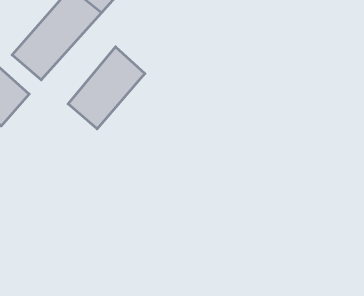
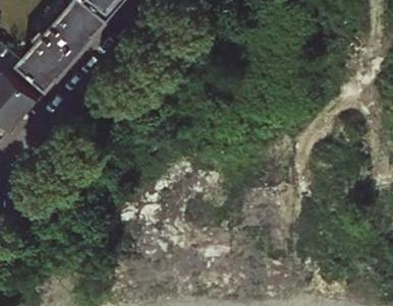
building: [68,47,145,129] -> none

